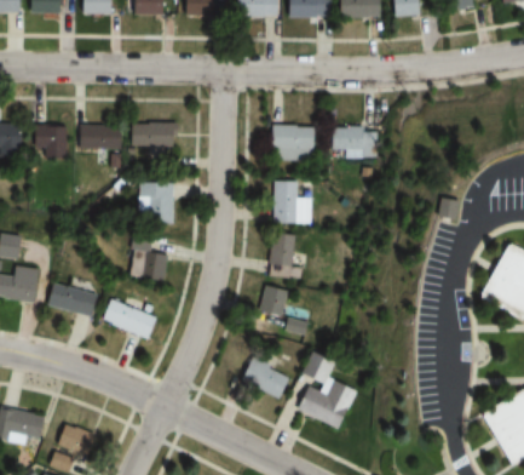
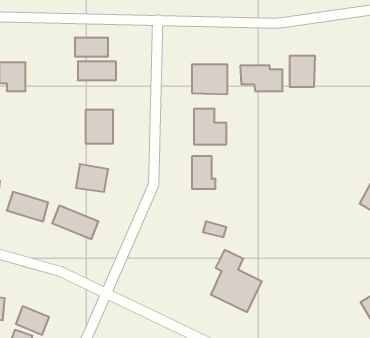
building: none -> [290,56,315,87]
building: [80,125,121,148] -> [75,38,108,56]
building: [259,286,292,327] -> none
building: [240,357,293,400] -> none

